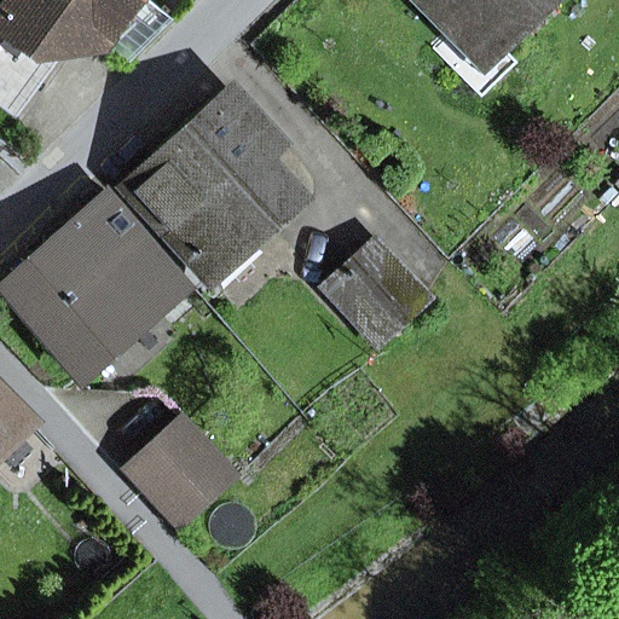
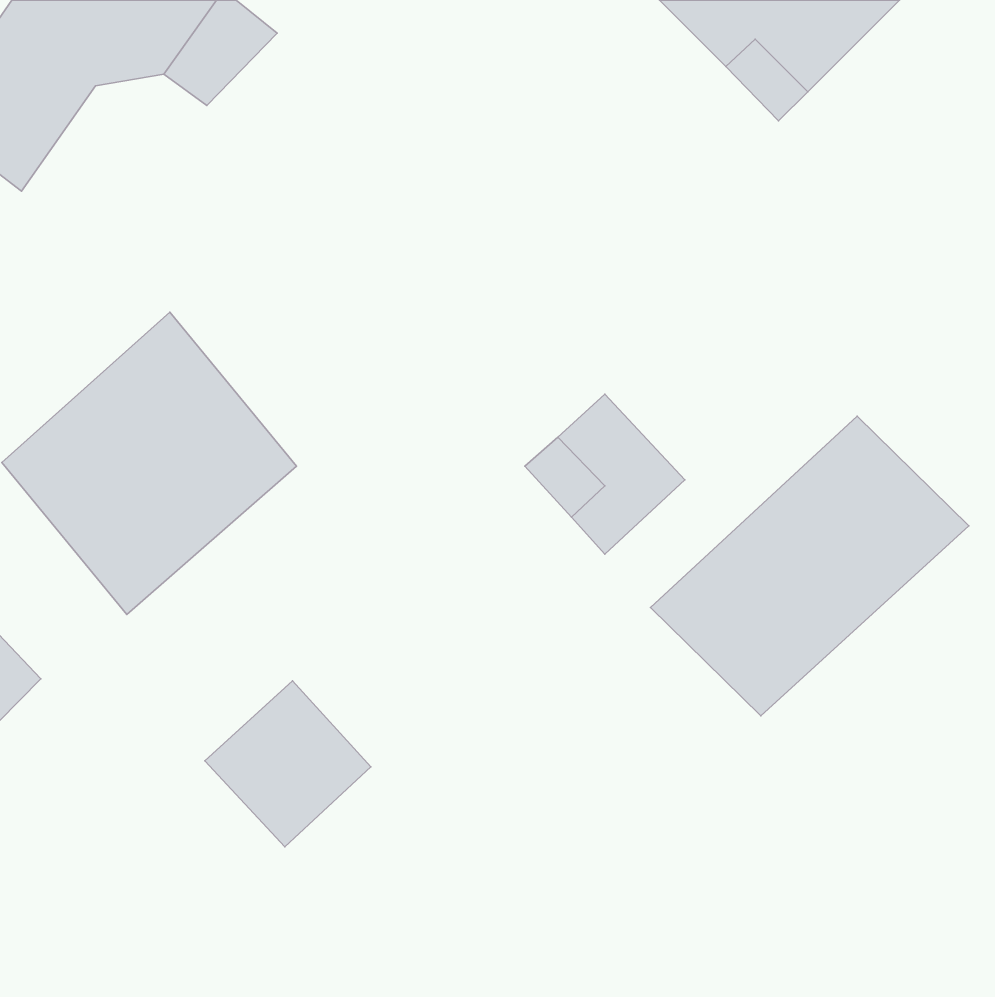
building: [128,97,295,277] -> none
building: none -> [650,416,969,716]

